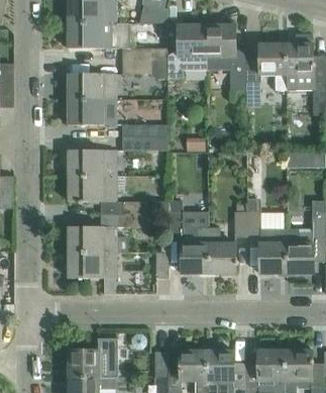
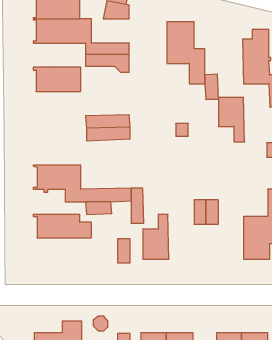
building: [167,25,206,78] -> none
building: [258,43,286,90] -> [218,97,245,142]
building: [67,98,116,124] -> none
building: [67,150,116,175] -> none
building: [207,226,237,273] -> none
building: [258,228,286,273] -> none
building: [67,251,116,278] -> none

